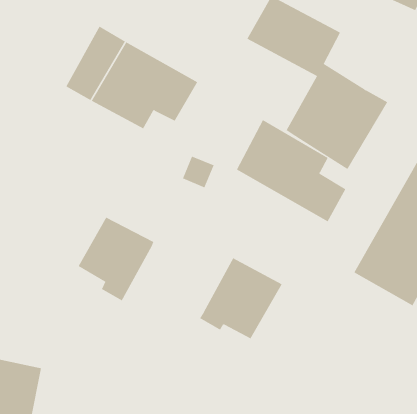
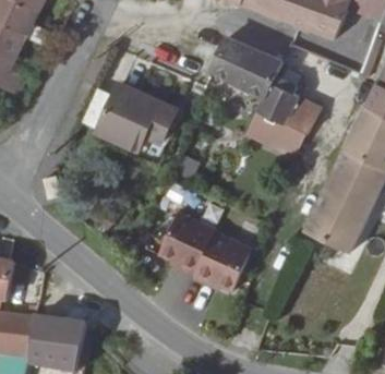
building: [236,119,346,222] -> none
building: [78,217,154,301] -> [160,213,215,274]

